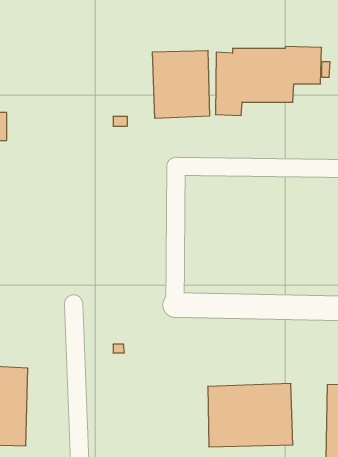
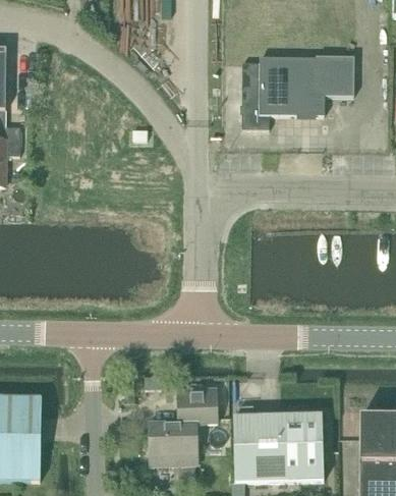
building: [153,50,209,118] -> none
building: none -> [149,389,218,465]

